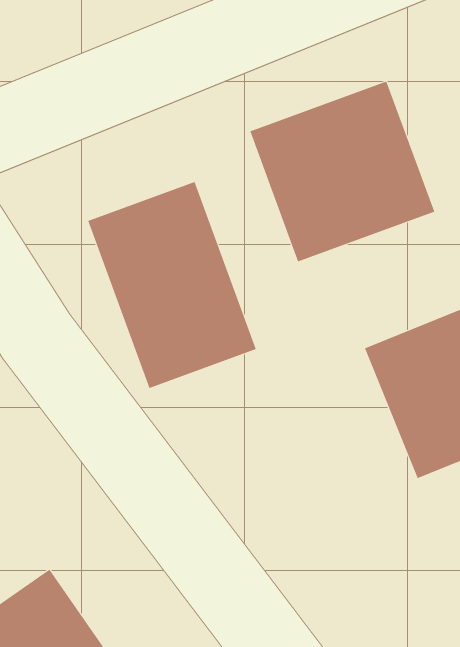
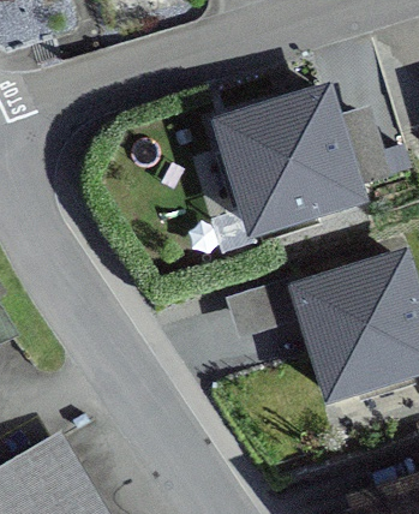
building: [87,181,256,389] -> none

